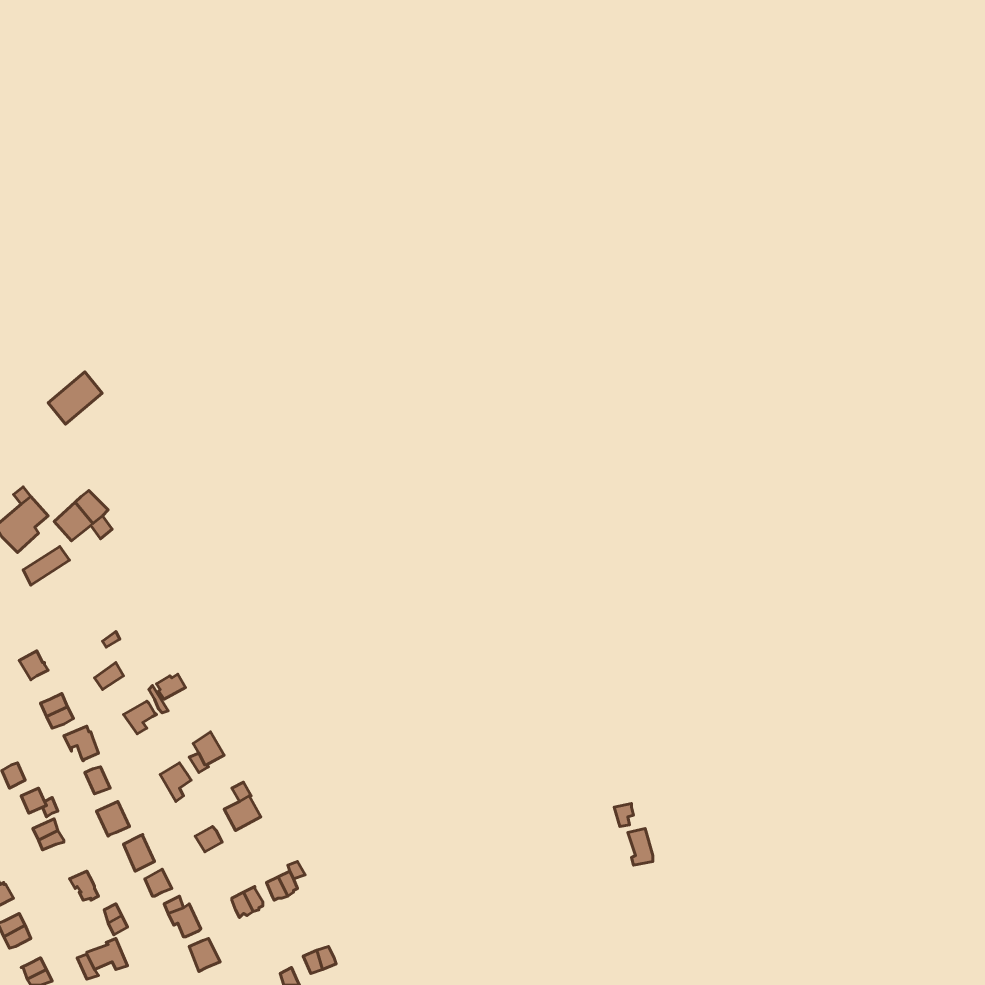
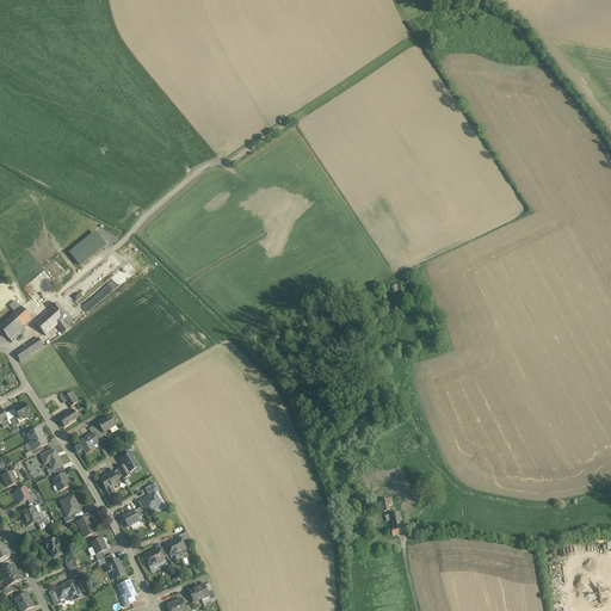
building: [48,372,102,424] -> [68,233,101,265]

